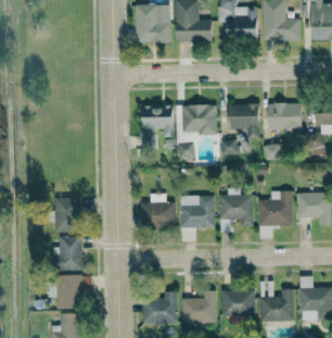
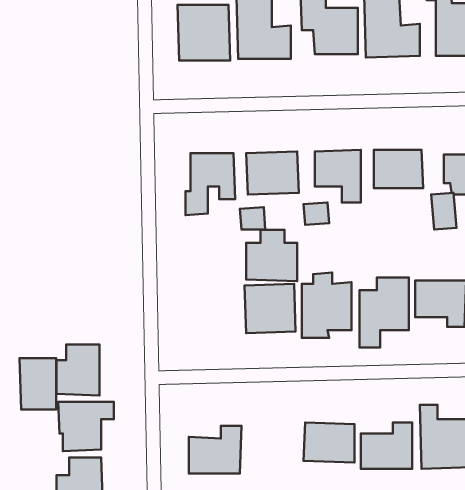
building: [140,193,175,228] -> [246,230,297,281]
building: [54,197,79,231] -> [20,358,56,409]
building: [181,288,216,323] -> none

